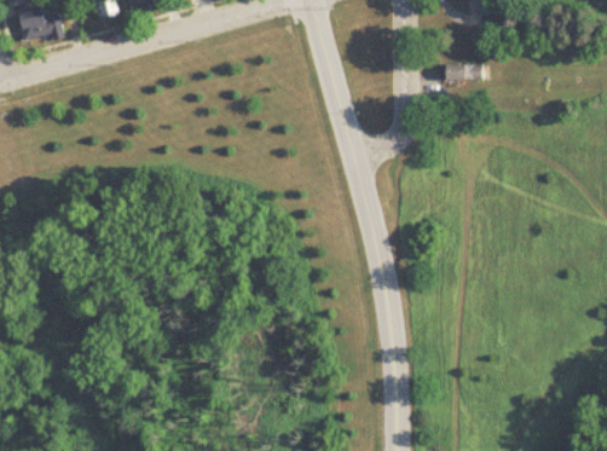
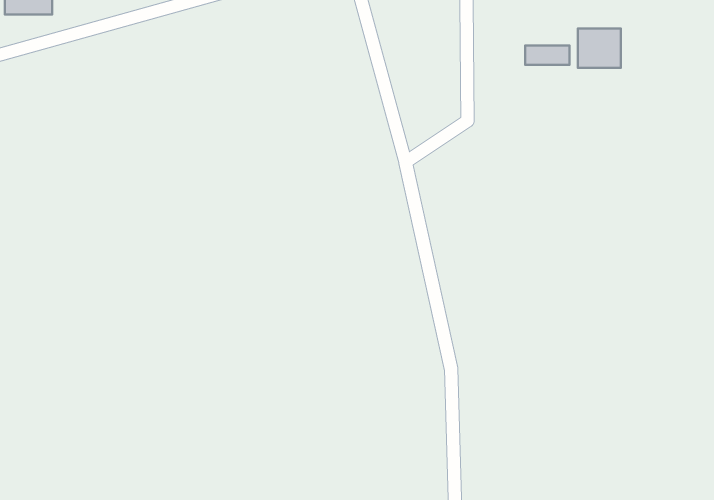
building: none -> [578,29,621,68]

